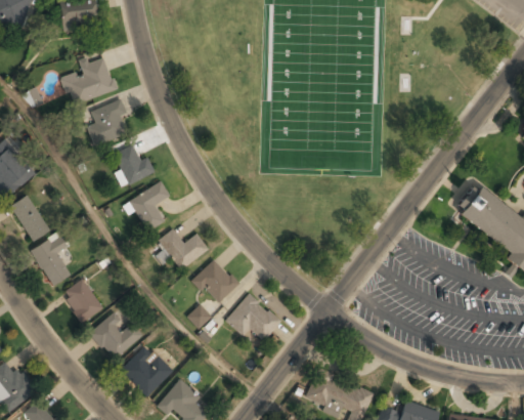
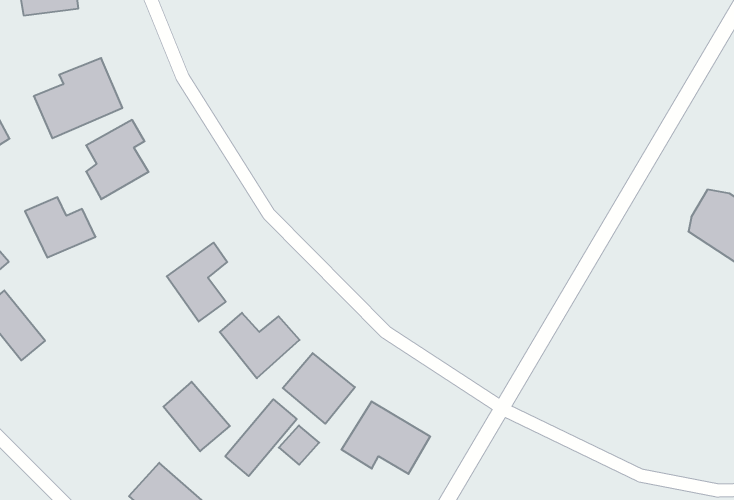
building: [113,146,155,183] -> [25,197,96,258]
building: [33,236,71,286] -> none
building: [63,279,103,323] -> [163,382,230,451]
building: none -> [225,399,297,476]

